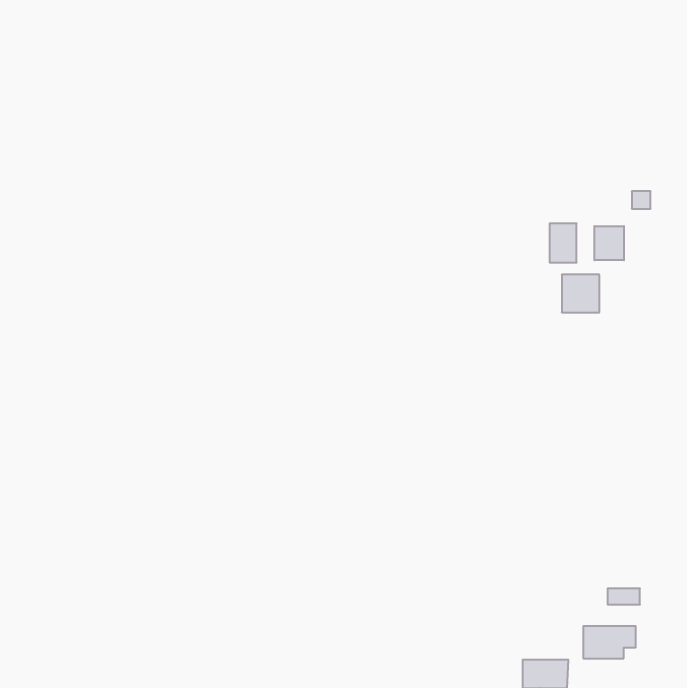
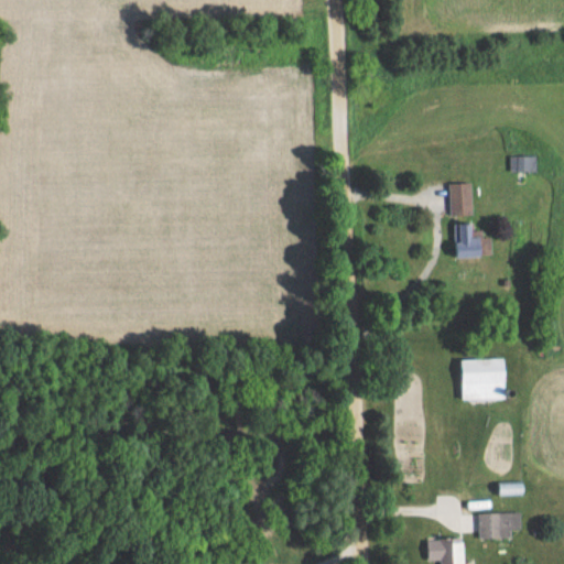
building: [594,226,624,260] -> none
building: none -> [460,359,505,400]

